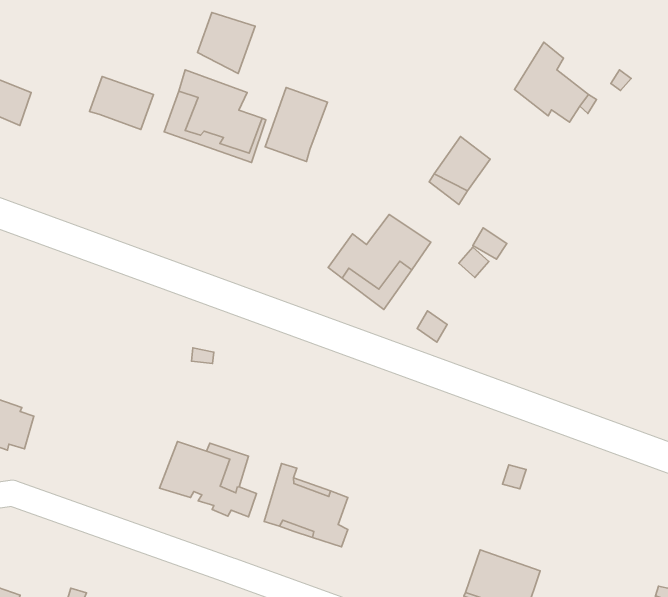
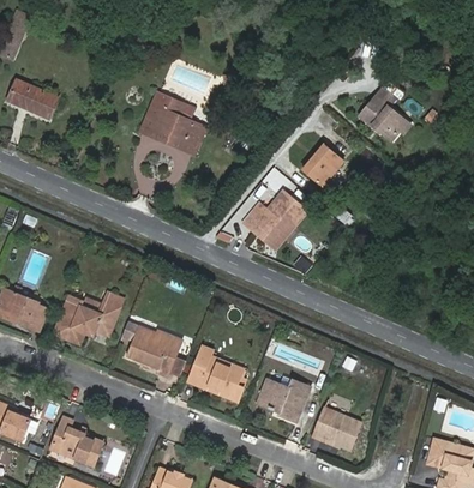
building: [198,12,255,73] -> none
building: [89,77,153,130] -> none
building: [265,87,327,162] -> none
building: none -> [54,294,122,343]
building: none -> [257,379,310,421]

